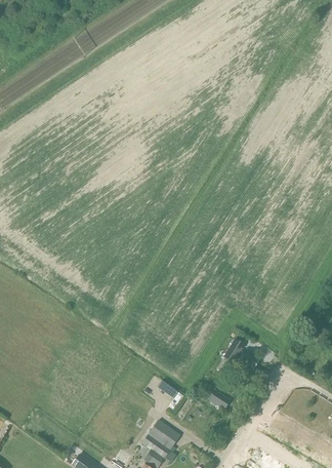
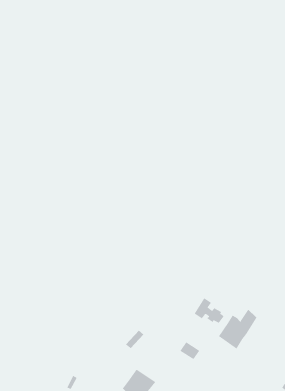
building: none -> [218,309,257,349]

